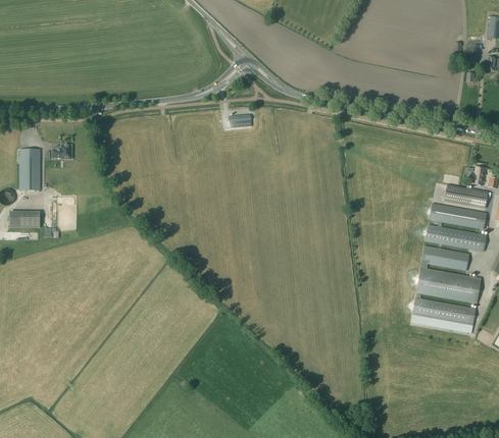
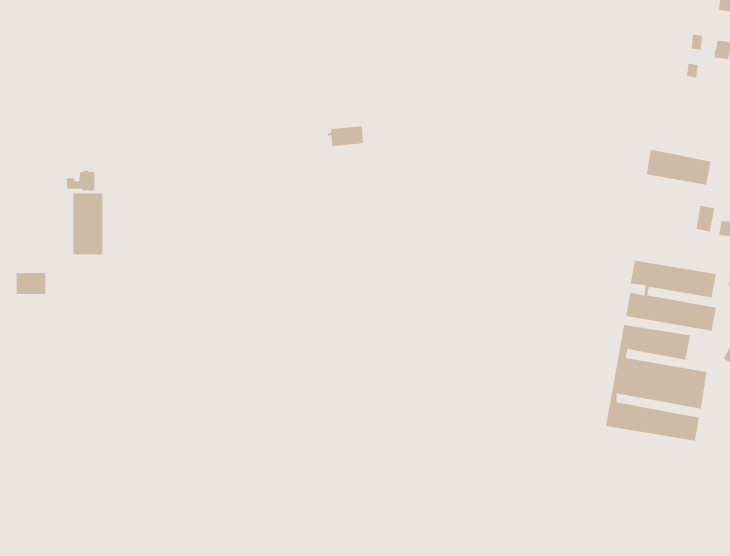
building: [19,148,40,189] -> [73,192,103,255]
building: [444,183,488,208] -> [646,149,711,186]

